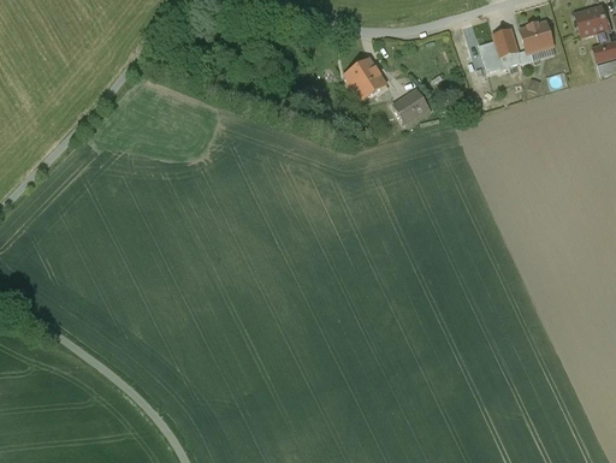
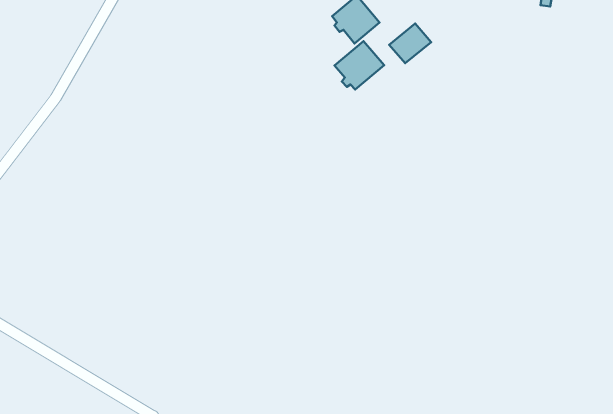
building: none -> [335,41,384,90]

